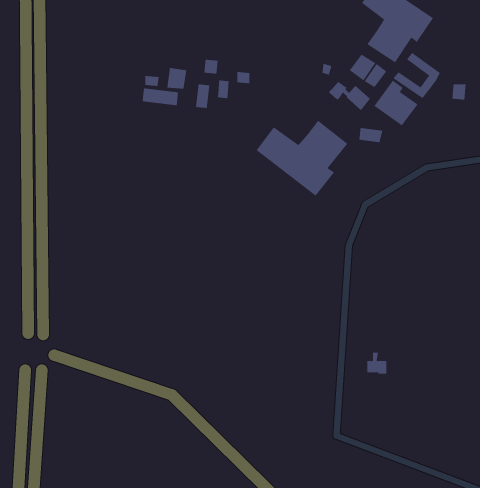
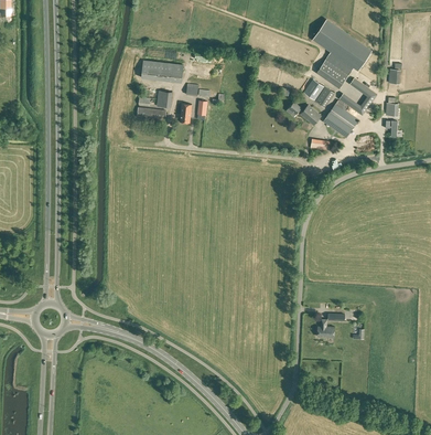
building: none -> [140,60,183,82]
building: [256,120,348,197] -> none

